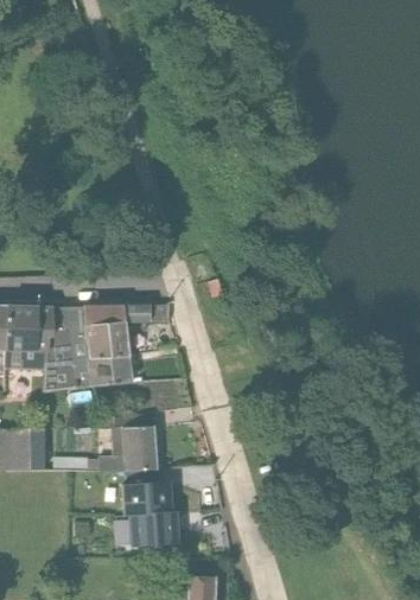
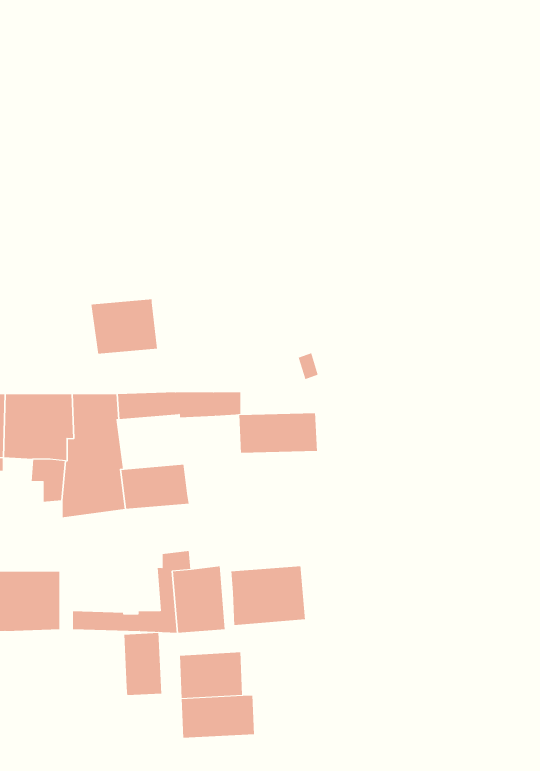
building: none -> [239,412,317,454]
building: [83,321,129,359] -> [91,299,158,354]
building: none -> [231,565,306,626]
building: none -> [124,632,162,696]

